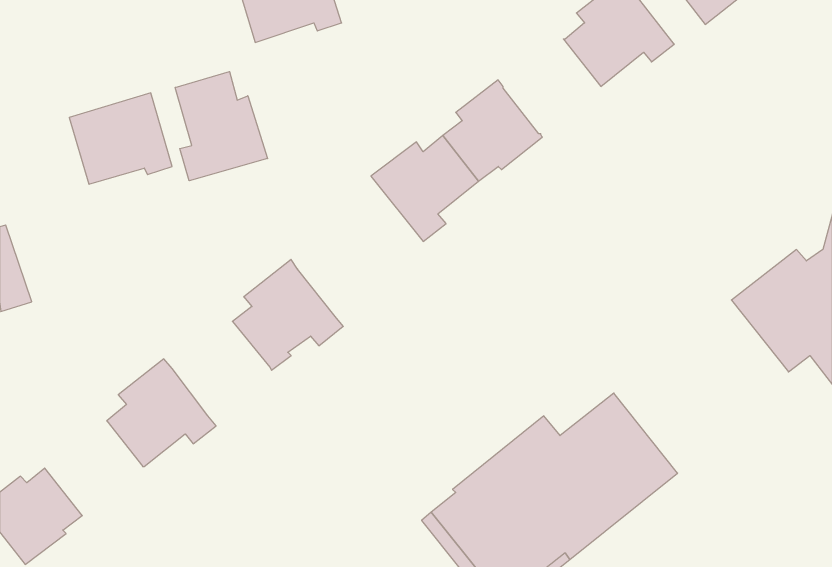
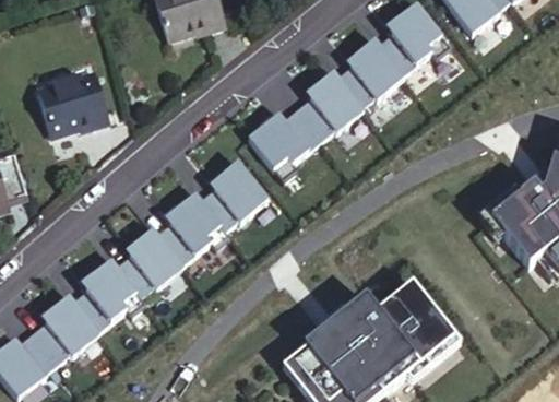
building: none -> [337,37,405,106]
building: [175,72,268,181] -> none
building: none -> [200,161,266,228]
building: none -> [116,226,181,295]
building: none -> [31,293,98,362]

